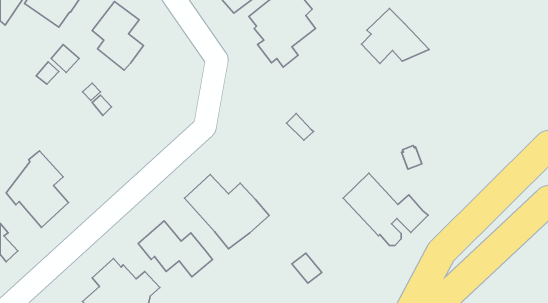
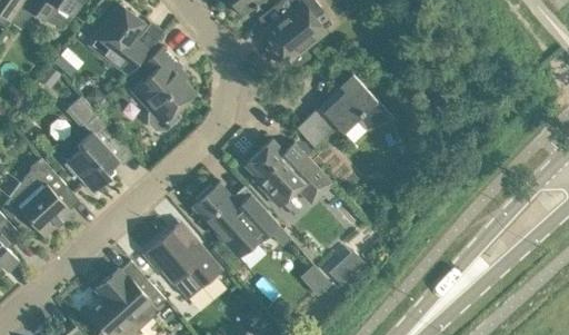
building: [361,9,429,63] -> [323,75,393,131]
building: none -> [131,47,196,129]
building: none -> [66,95,119,191]
building: [343,173,428,245] -> [244,138,332,213]
building: none -> [328,249,365,285]

